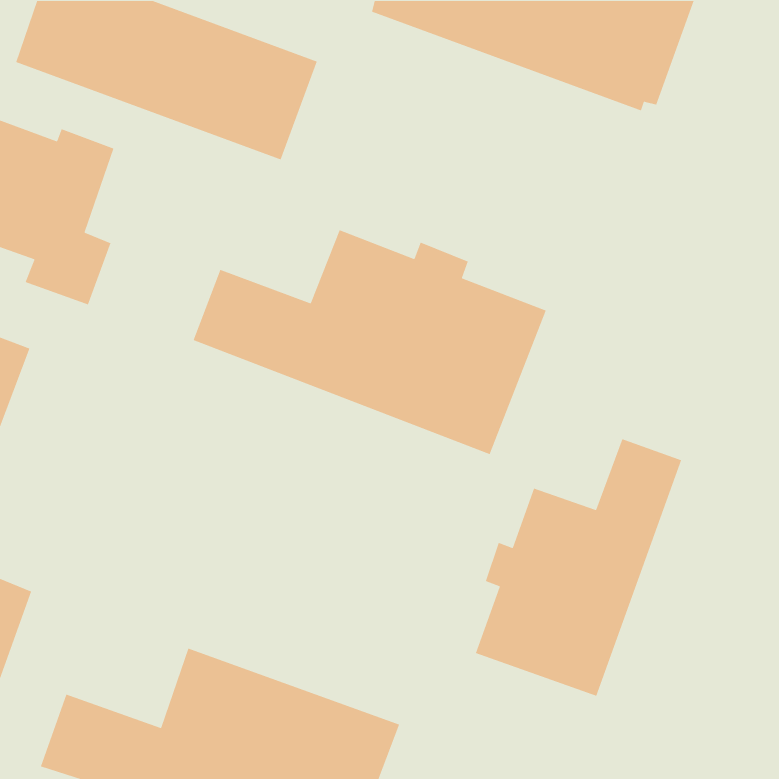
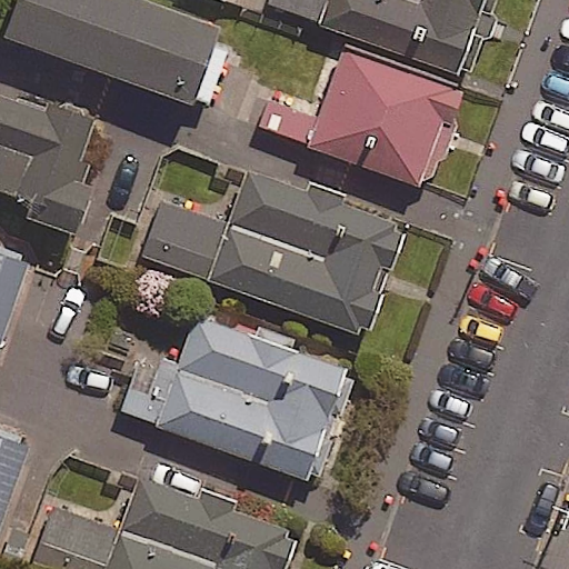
building: none -> [259,56,469,198]
building: none -> [118,311,349,476]
building: [475,438,682,697] -> none

